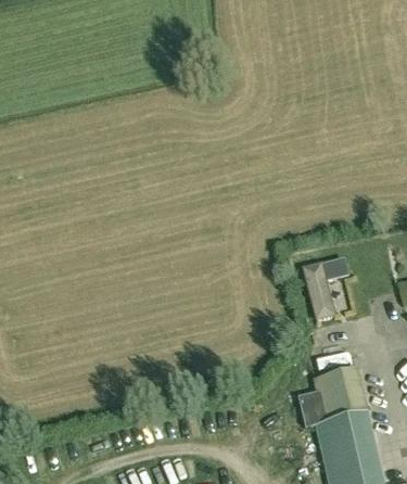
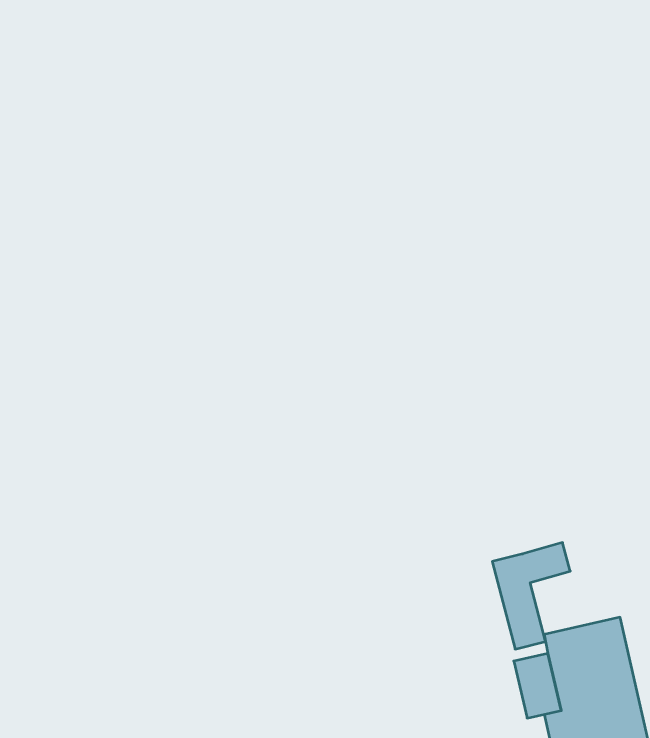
building: [305,258,349,319] -> [492,543,570,649]

